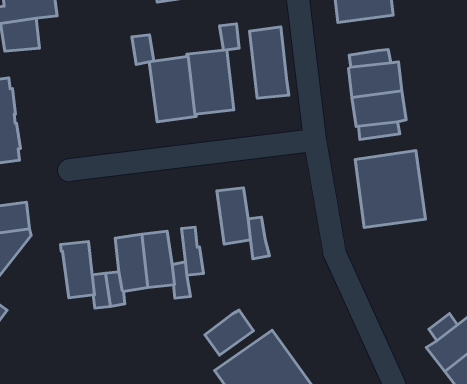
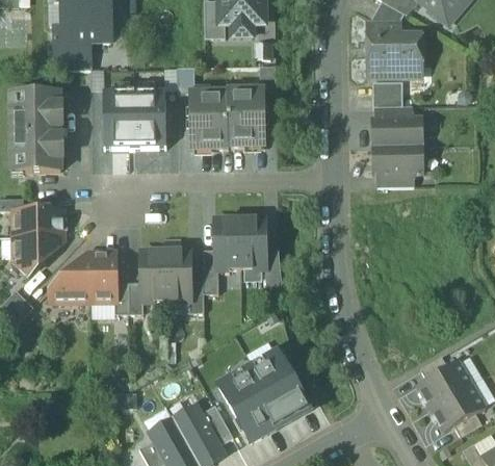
building: none -> [372,81,402,107]
building: [250,27,289,98] -> none
building: none -> [102,90,165,148]
building: [355,150,425,227] -> none
building: none -> [214,218,240,268]
building: none -> [49,258,92,302]
building: [205,310,253,355] -> none

